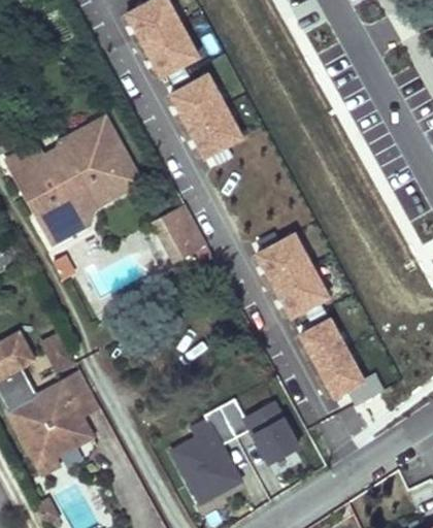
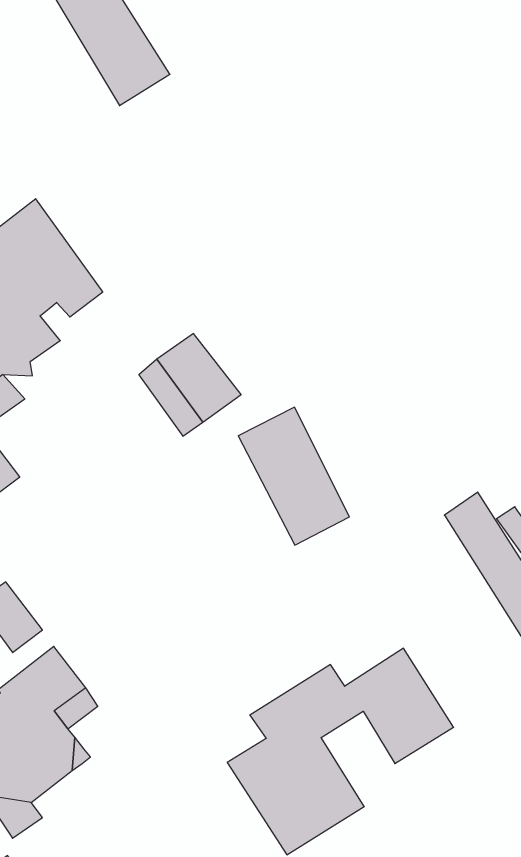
building: [177,75,239,153] -> none
building: [265,235,321,312] -> [238,407,349,545]

